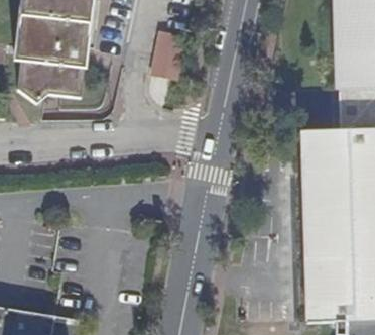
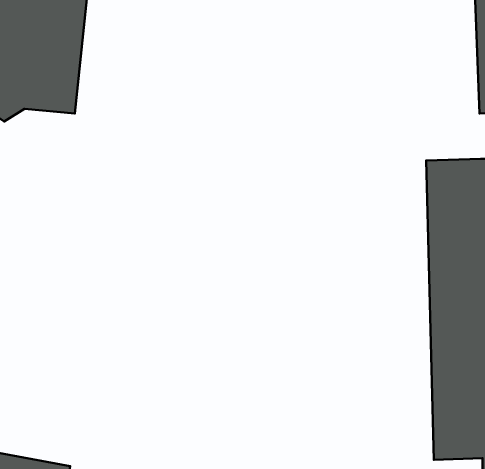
building: [150,31,186,79] -> none

